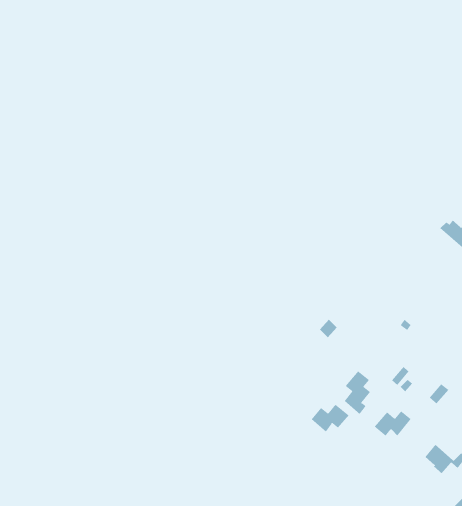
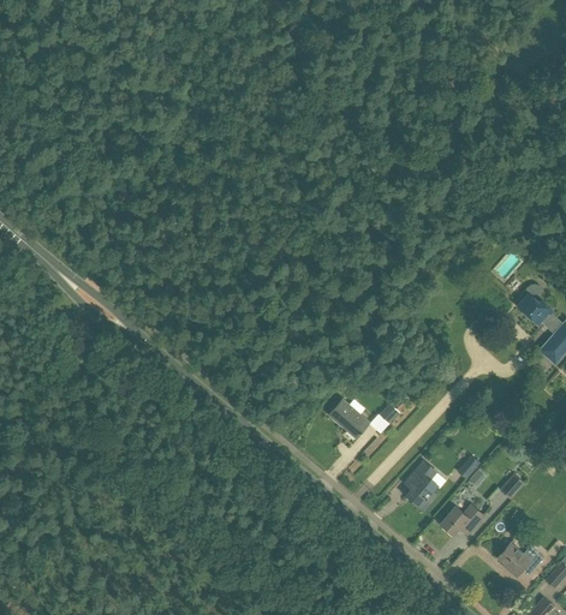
building: none -> [328,399,369,437]
building: [311,404,349,432] -> none

